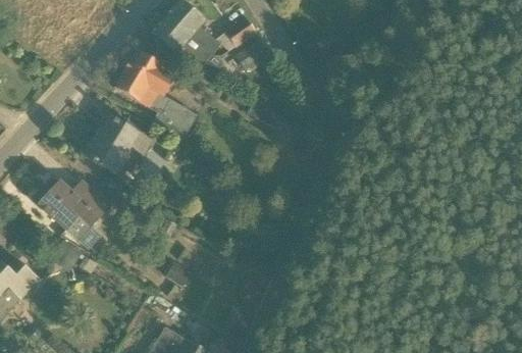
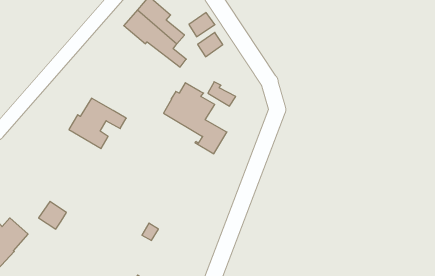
building: [115,51,190,135] -> [164,83,227,154]
building: [40,184,109,240] -> none

